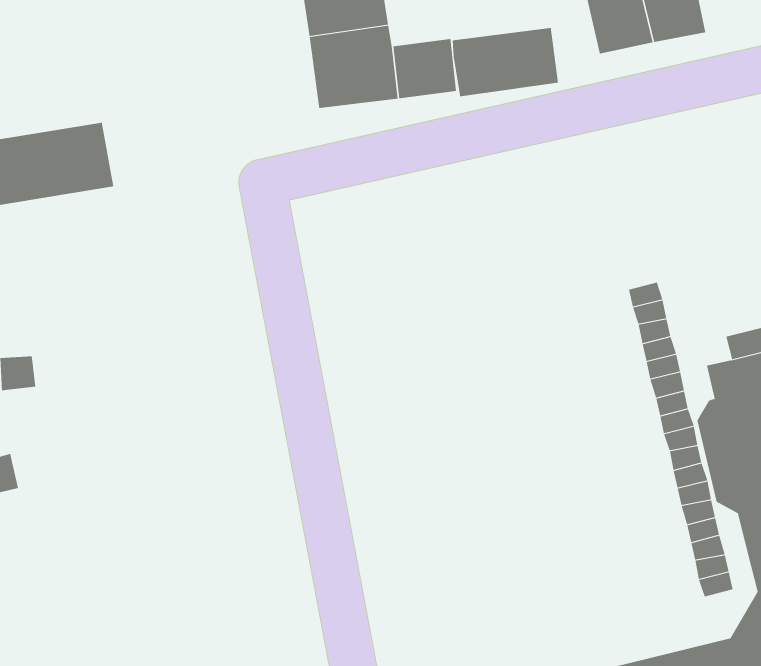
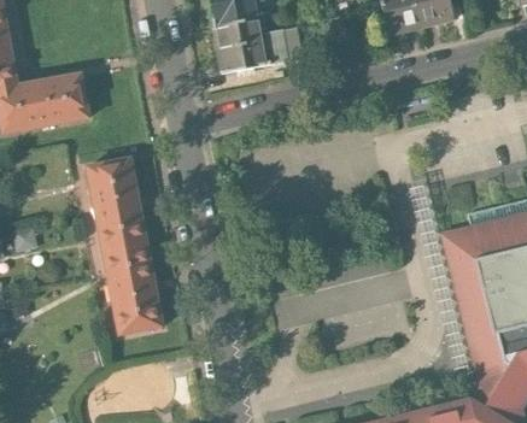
building: [452,27,559,97] -> none
building: none -> [78,145,162,333]

